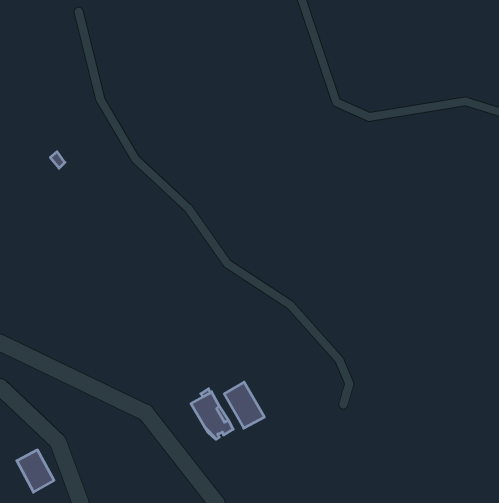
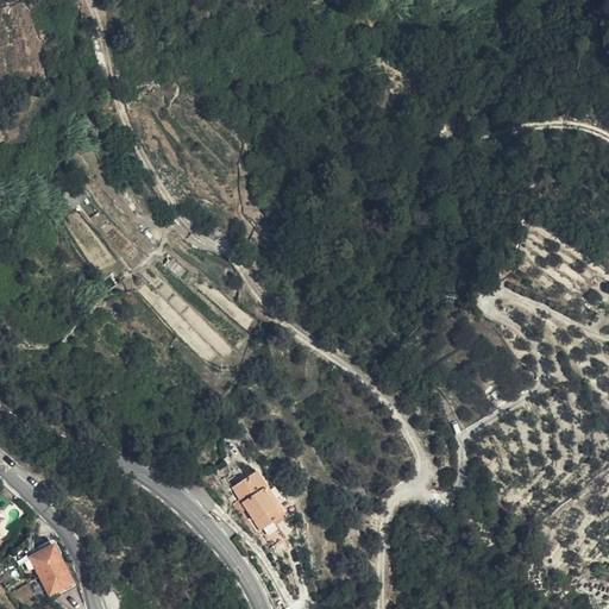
building: [224,382,264,428] -> none

